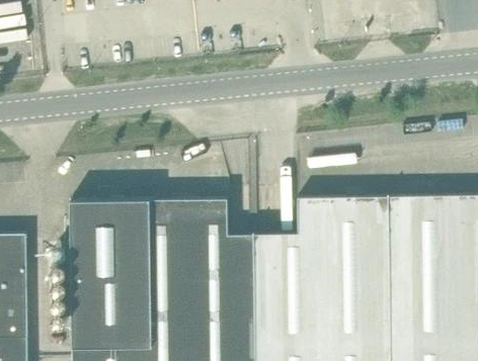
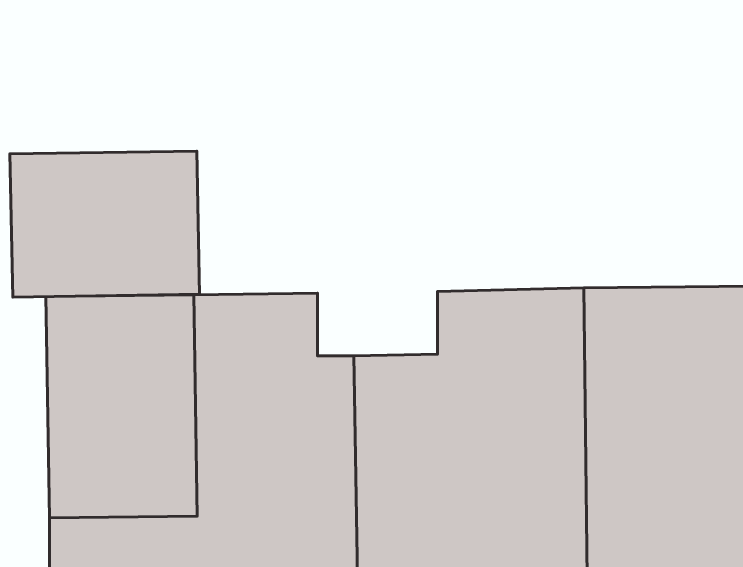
building: none -> [10,151,200,297]

